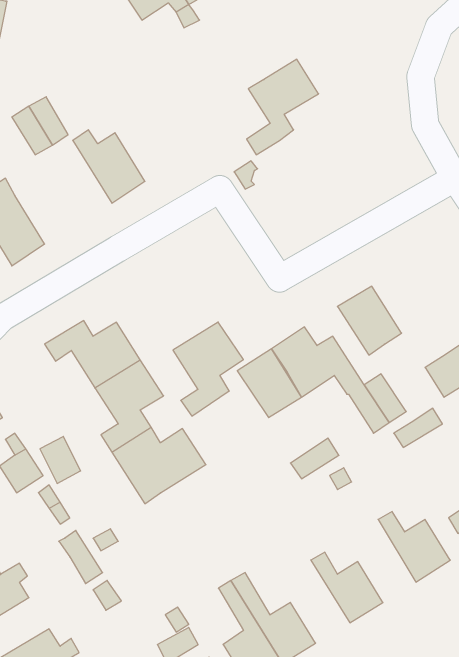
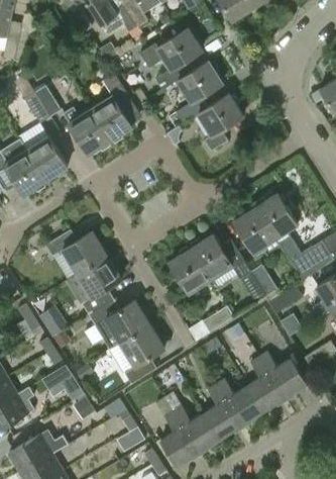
building: none -> [139,28,201,91]
building: none -> [91,74,132,140]
building: none -> [197,94,242,152]
building: none -> [26,136,68,181]
building: none -> [256,194,302,262]
building: [173,322,243,416] -> [120,323,165,384]
building: none -> [247,359,285,412]
building: none -> [204,385,242,439]

